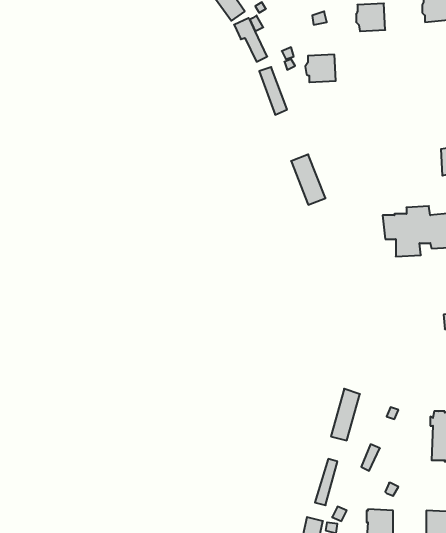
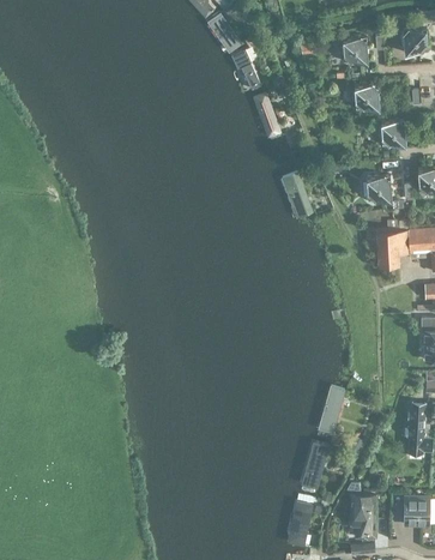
building: [305,55,336,82] -> [352,85,380,110]
building: none -> [380,121,406,146]
building: none -> [365,176,392,203]

